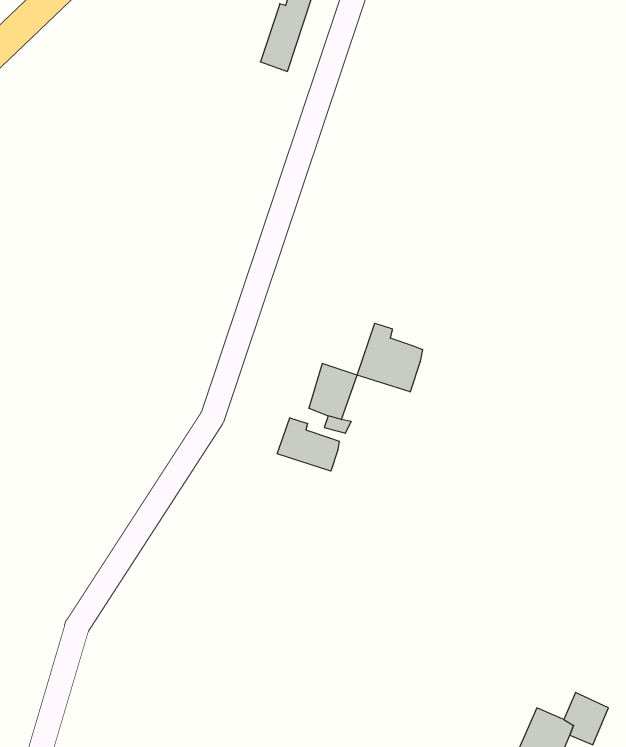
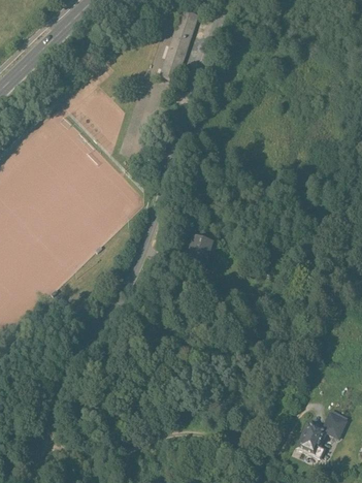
building: [357,323,423,392] -> none
building: [277,418,339,471] -> none

